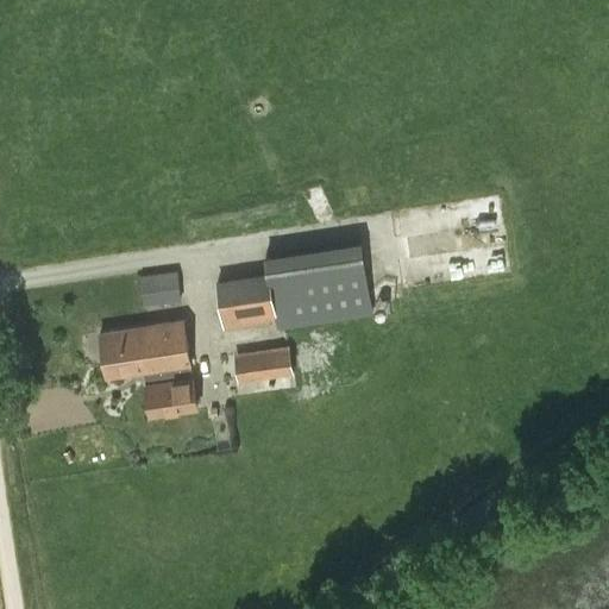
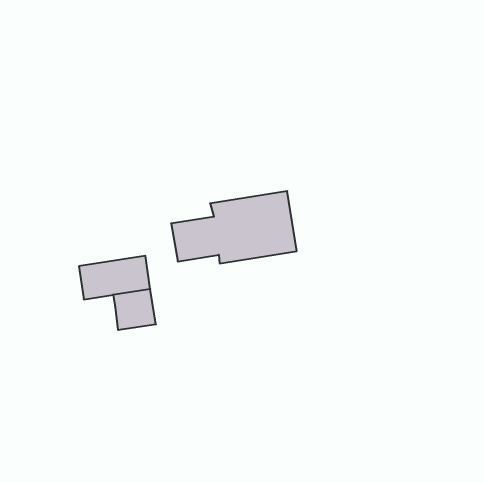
building: [138,274,180,309] -> none
building: [241,347,288,379] -> none

